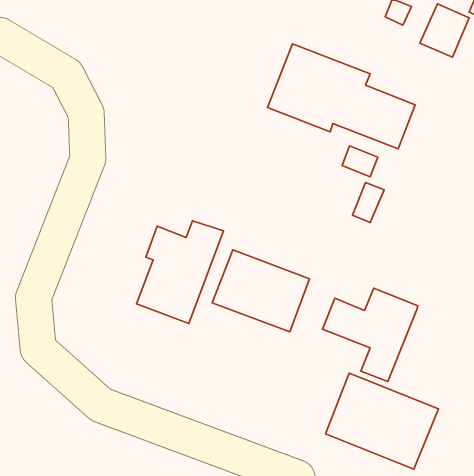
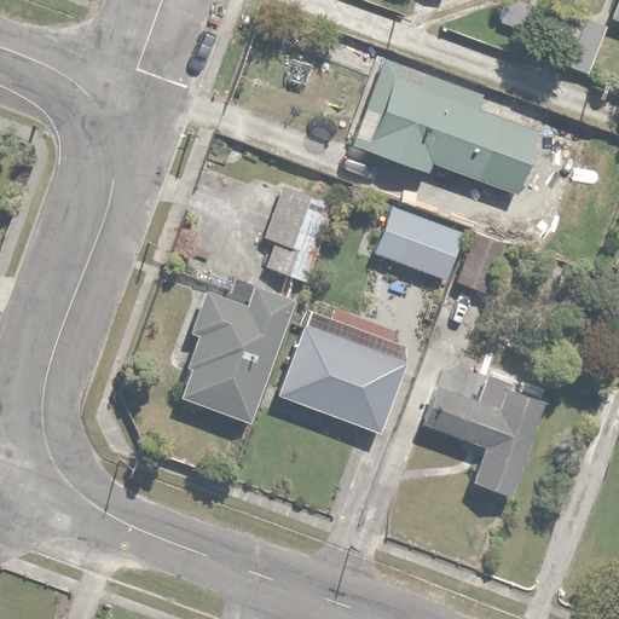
building: none -> [262,193,331,280]
building: none -> [377,206,463,279]
building: [326,373,438,469] -> none

